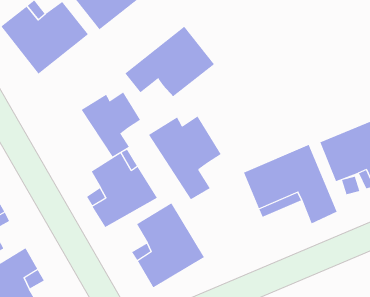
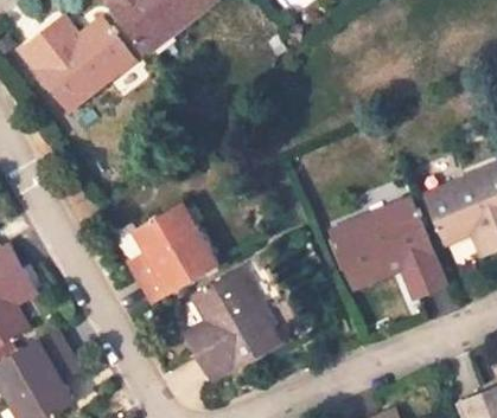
building: [124,26,215,97] -> none
building: [81,92,141,157] -> none
building: [148,115,222,200] -> none

